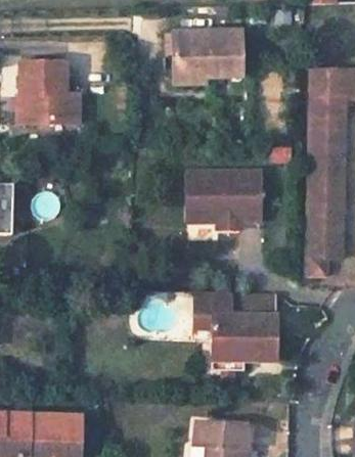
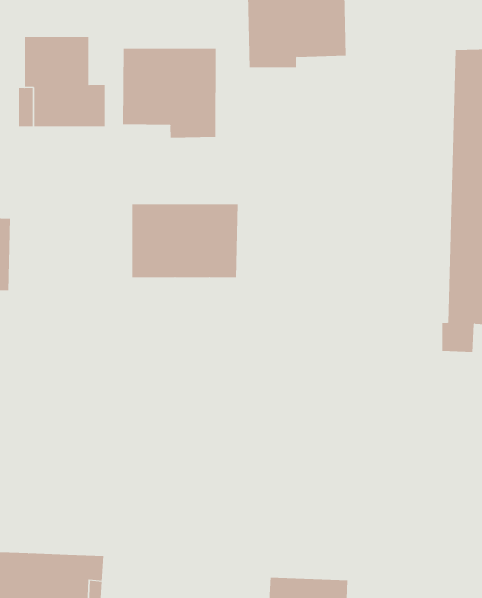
building: none -> [123,48,216,138]
building: [190,170,263,220] -> [131,204,238,278]
building: [196,292,276,369] -> none

